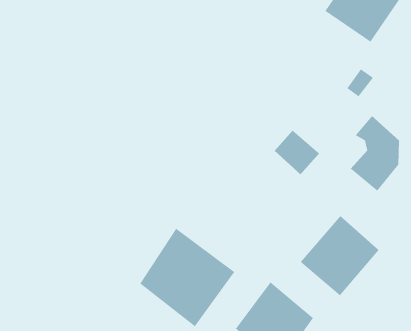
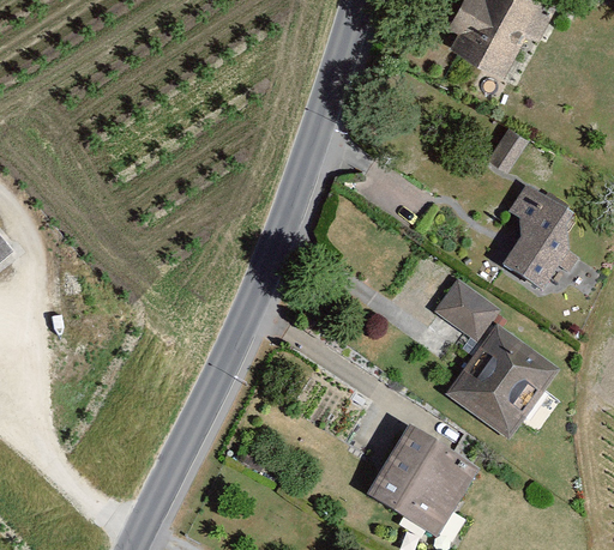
building: [274,130,320,175] -> [433,279,496,340]
building: [140,228,235,327] -> none

